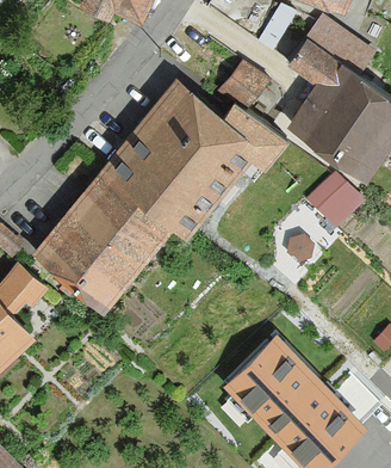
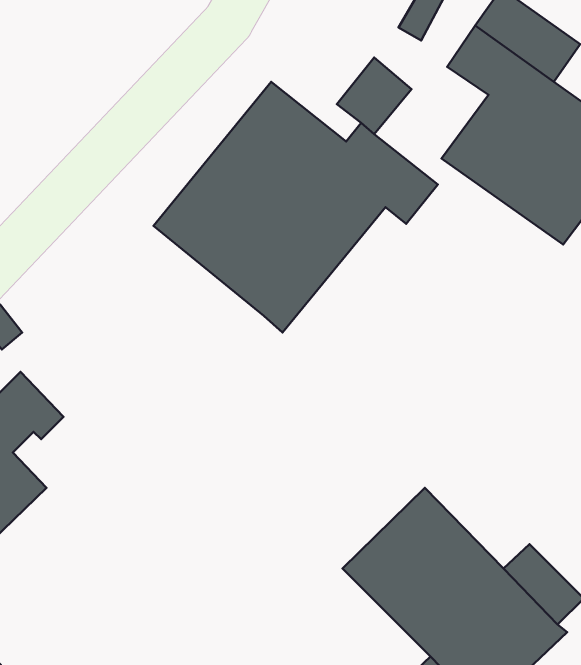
building: [35,168,174,310] -> none
building: [309,173,364,228] -> none

